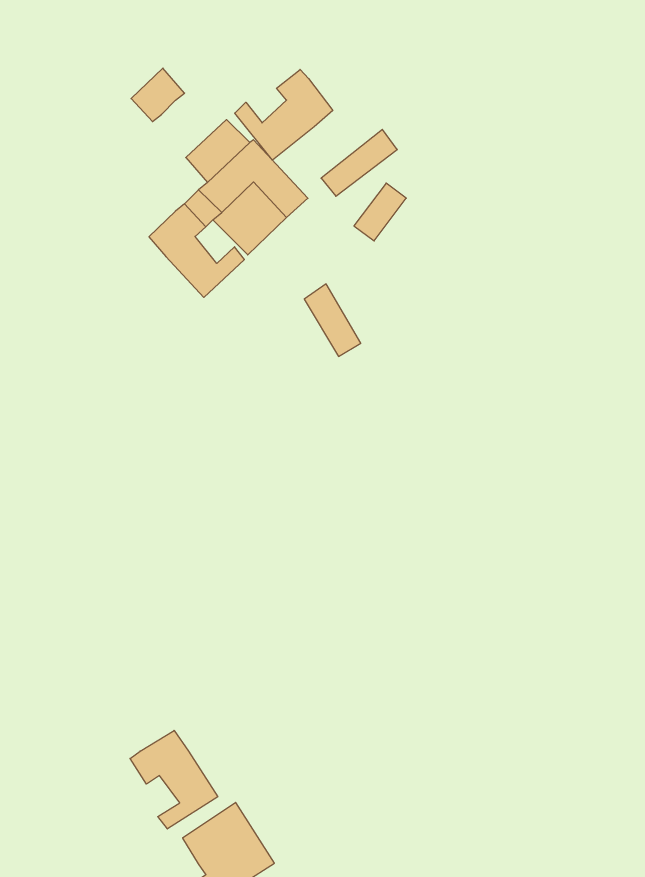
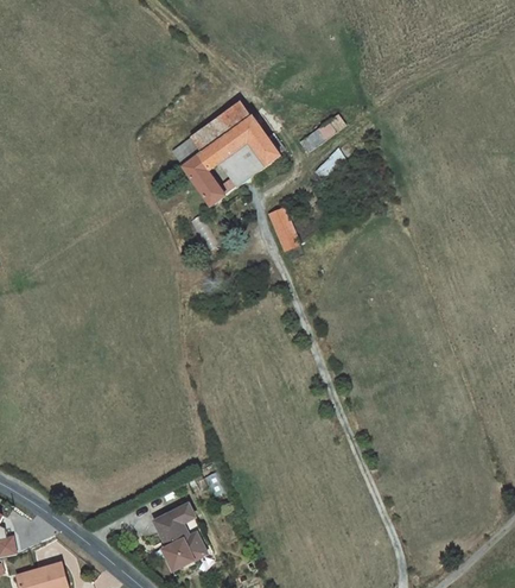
building: [131,68,185,122] -> [190,119,222,150]
building: [235,69,333,160] -> none
building: [130,730,218,829] -> none

